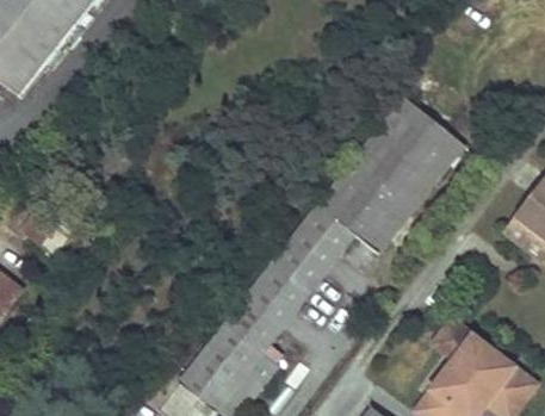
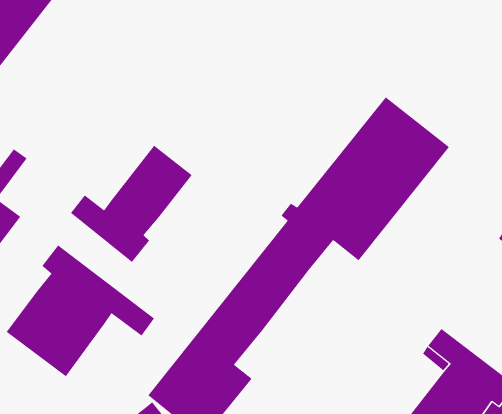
building: none -> [70,145,193,263]
building: none -> [6,245,155,377]

